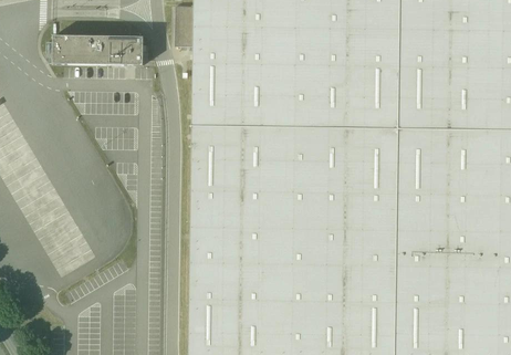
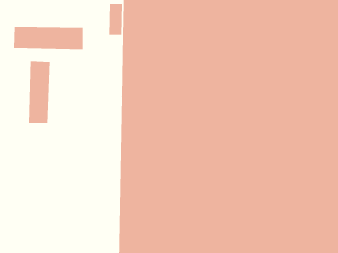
building: none -> [28,61,50,124]

